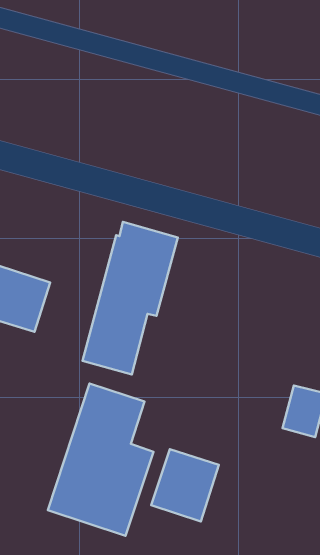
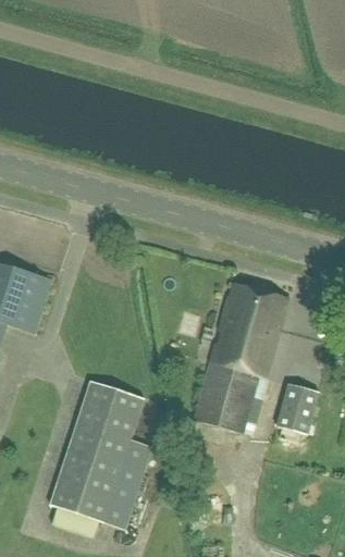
building: [83,222,178,374] -> [195,283,287,431]
building: [151,449,219,521] -> none

